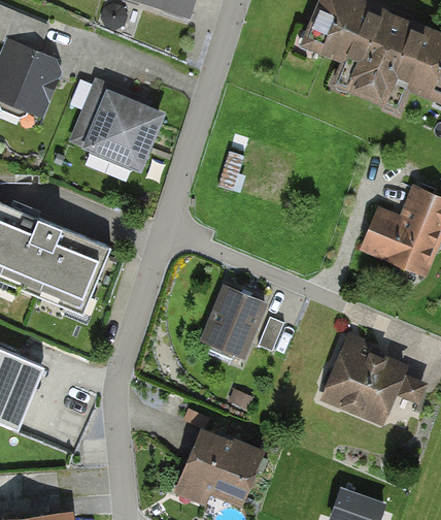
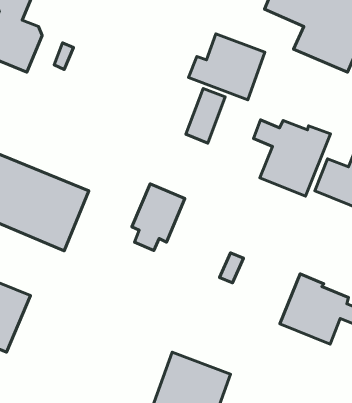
building: none -> [189,34,265,100]
building: [73,84,158,165] -> none
building: none -> [254,120,331,196]
building: [203,287,263,362] -> [132,184,185,250]

